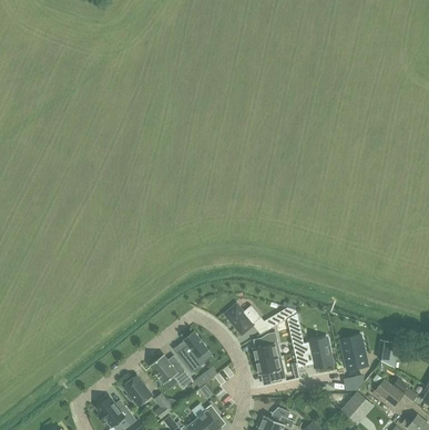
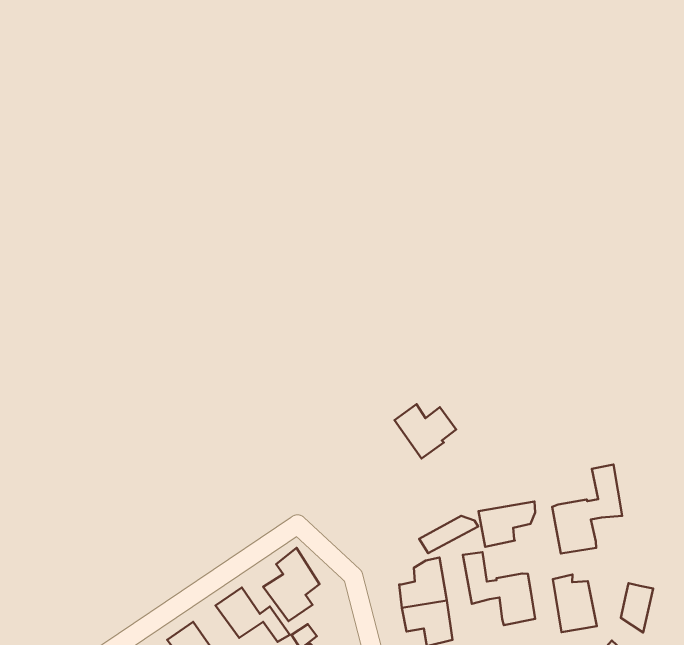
building: none -> [552,464,622,554]
building: none -> [479,501,535,547]
building: [224,304,259,335] -> [394,404,456,459]

